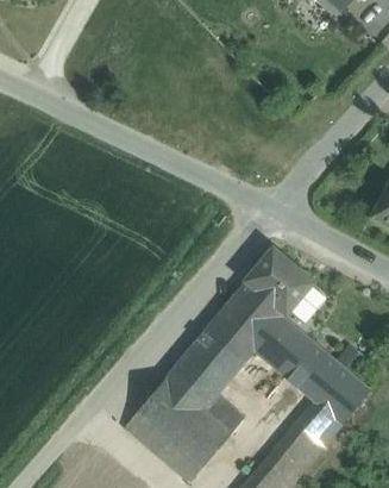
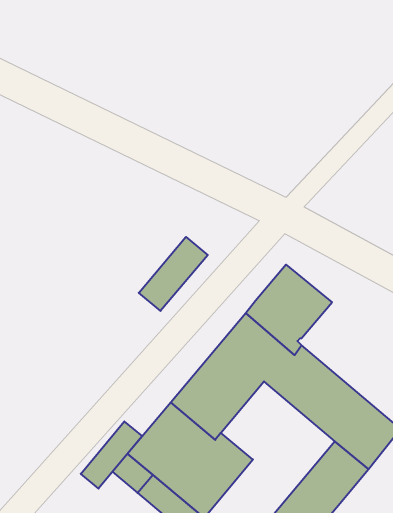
building: none -> [139,237,208,311]
building: none -> [81,421,142,489]

